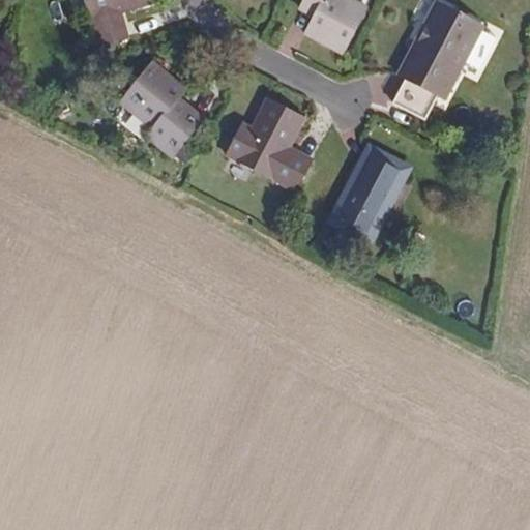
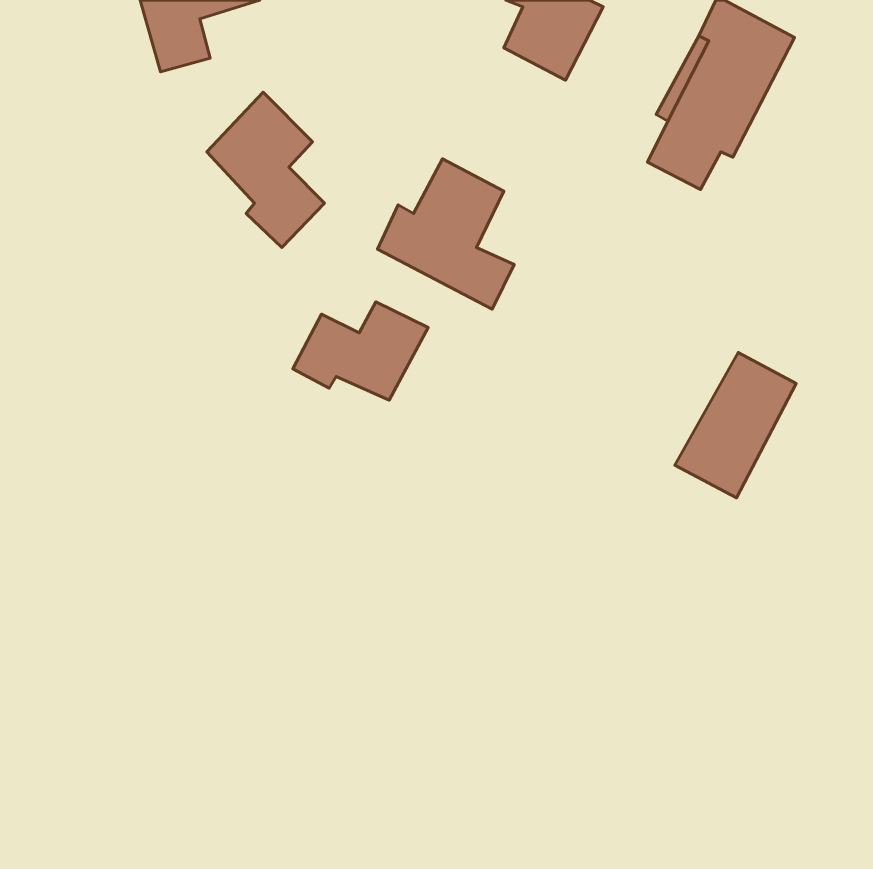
building: [334,150,408,238] -> [675,353,796,498]
building: none -> [293,302,428,400]

